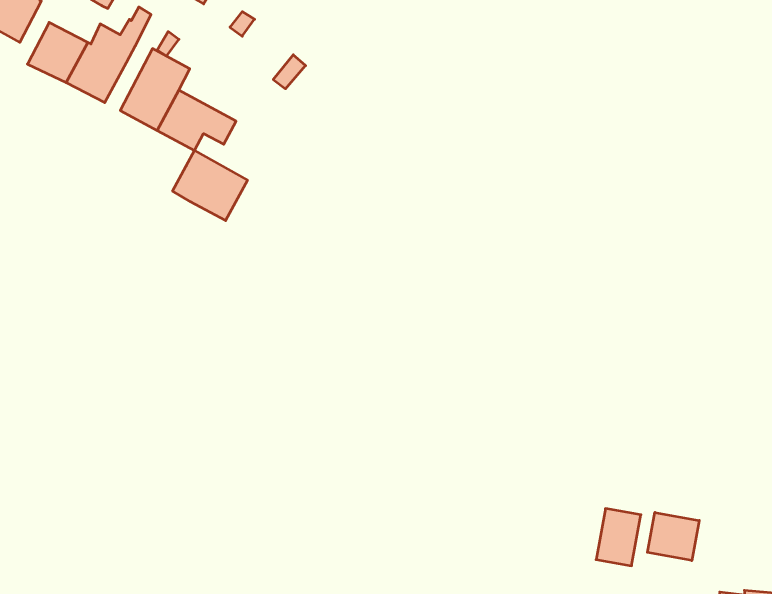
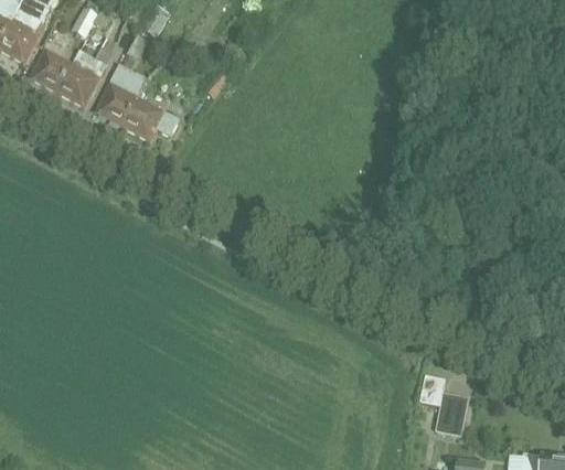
building: [173,151,247,221] -> none
building: [647,512,699,561] -> none

